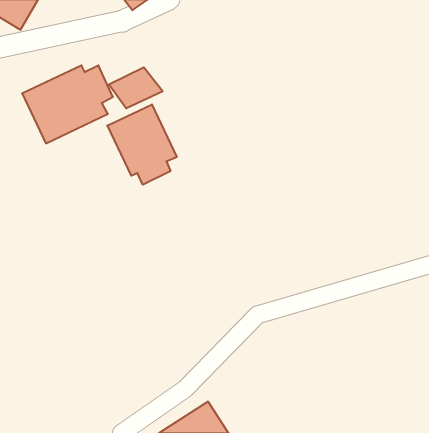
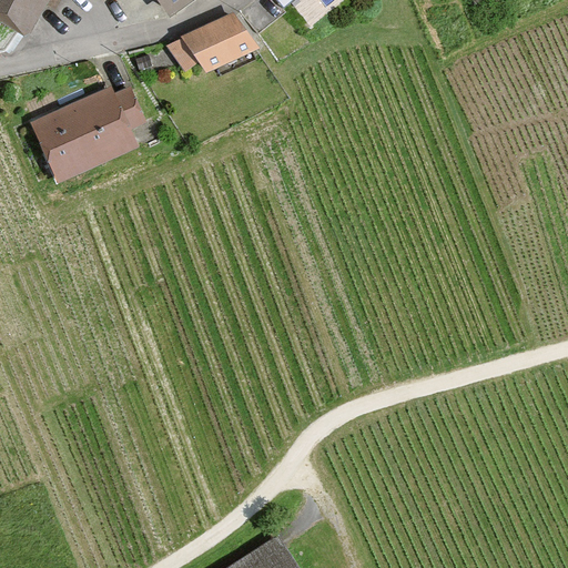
building: [109,67,163,108] -> [180,16,250,69]
building: [107,104,177,185] -> none

